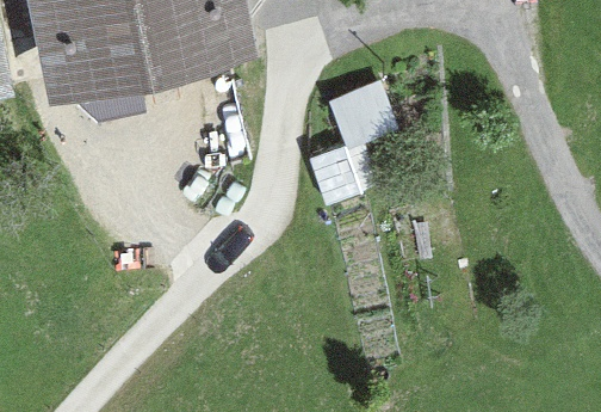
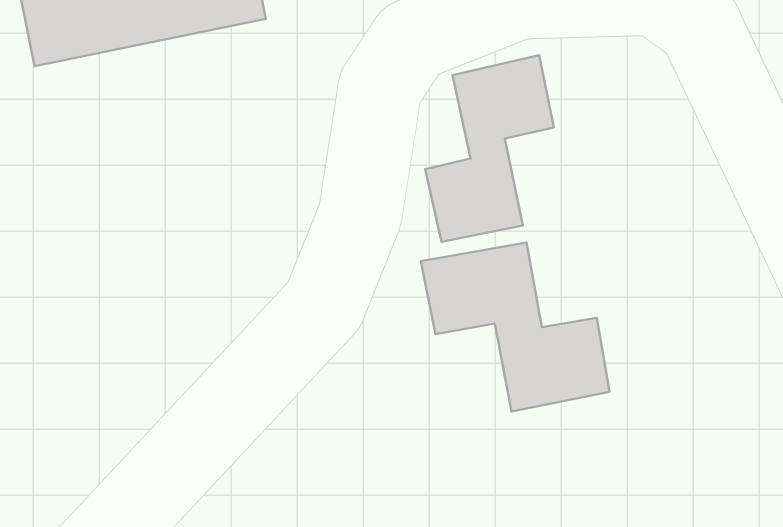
building: none -> [421,242,610,411]

